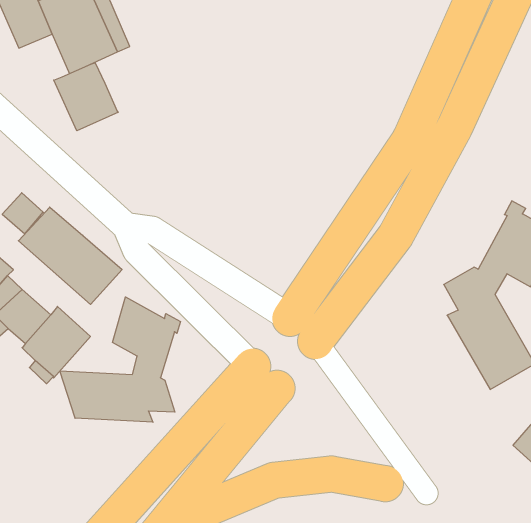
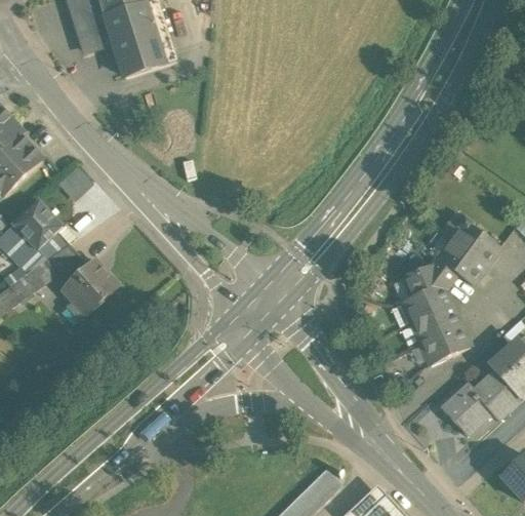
building: [54,63,118,131] -> none
building: [18,207,122,304] -> none
building: [60,297,180,422] -> none

